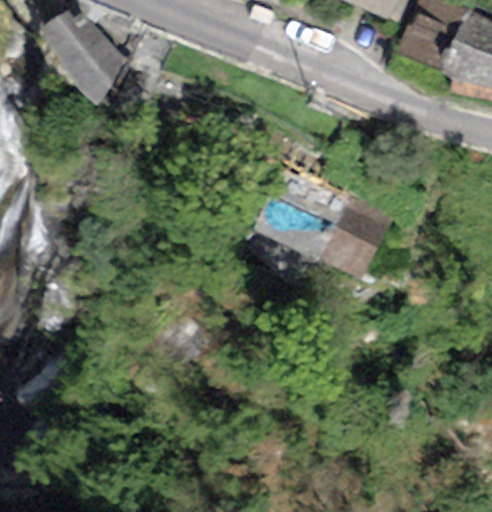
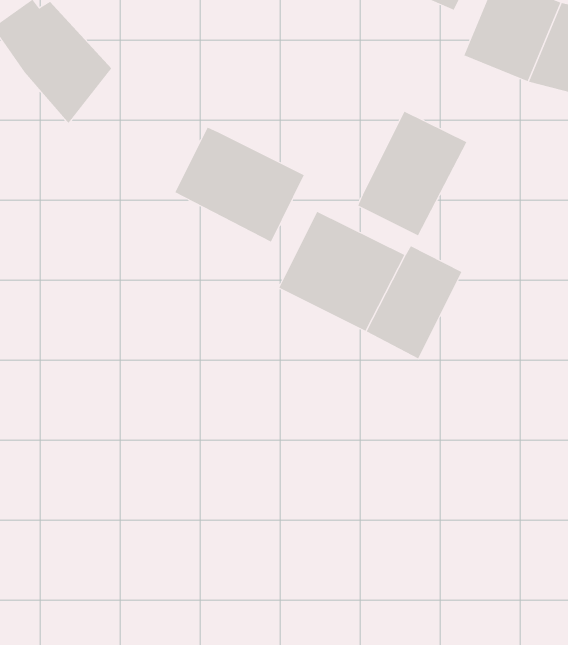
building: none -> [358,111,467,236]
building: none -> [175,127,304,243]

